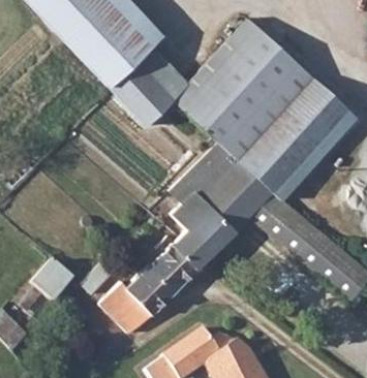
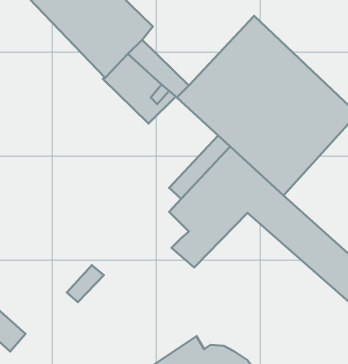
building: [97,240,197,336] -> none
building: [25,251,75,302] -> none

